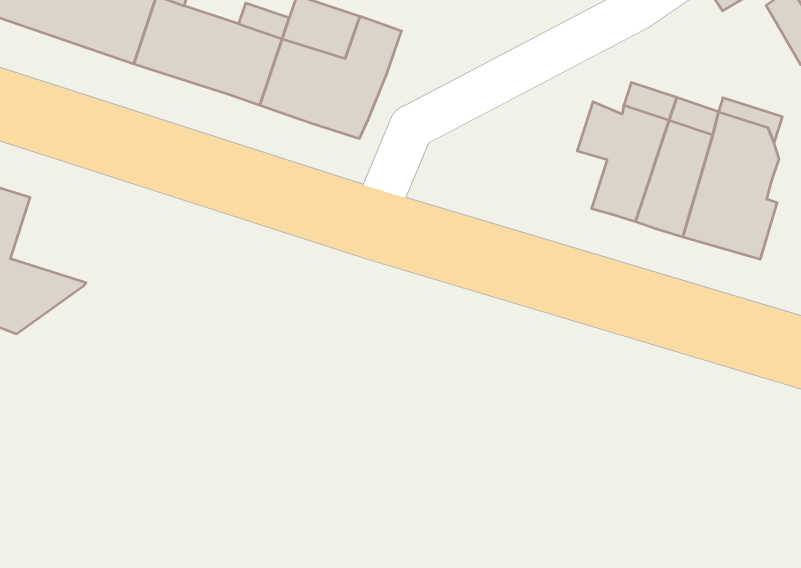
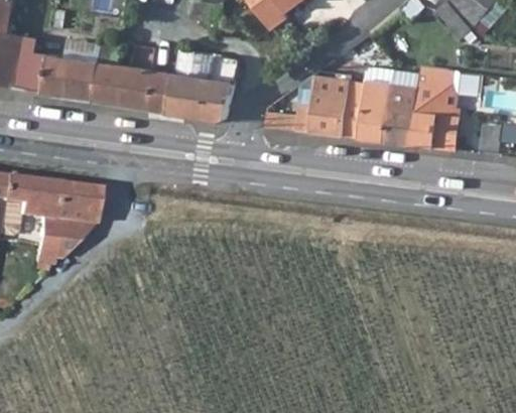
building: none -> [295,77,363,139]
building: none -> [46,184,95,226]

